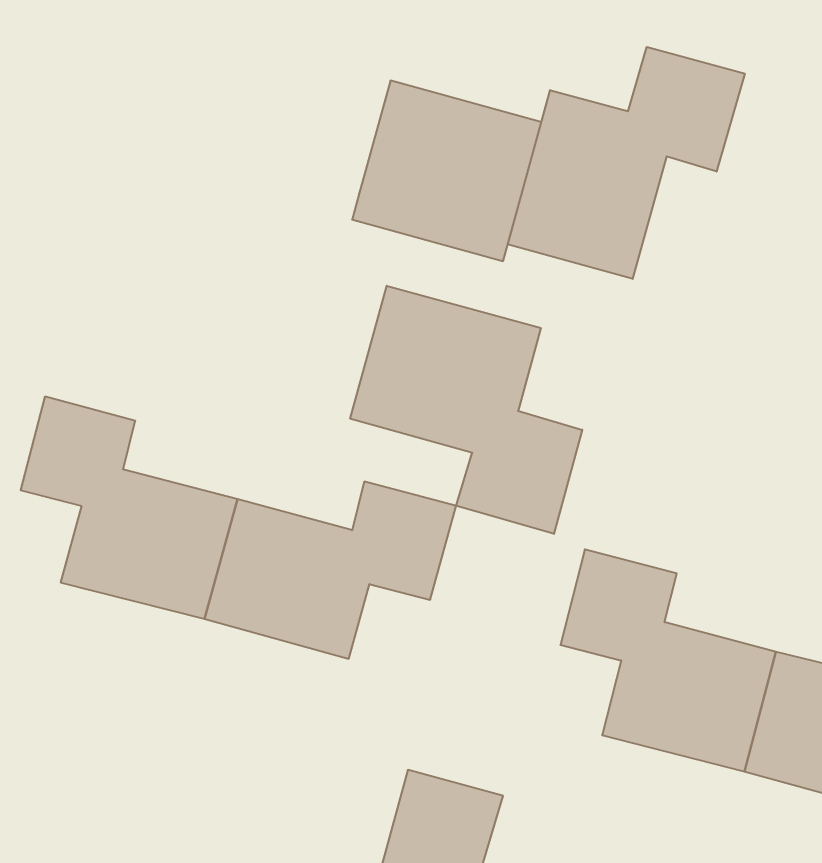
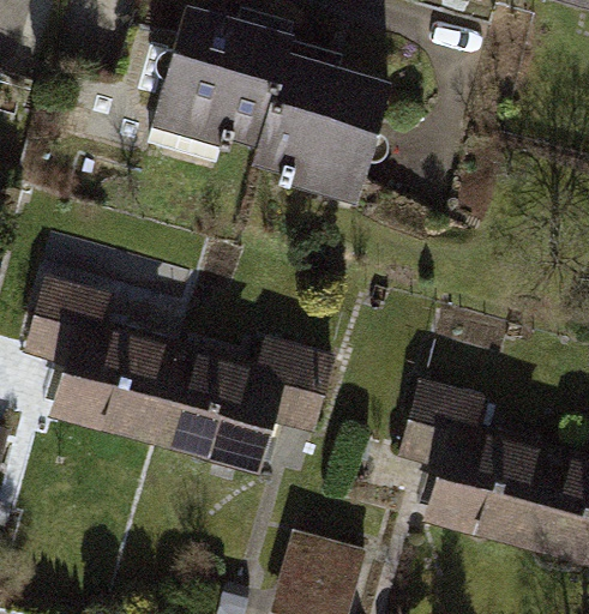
building: none -> [158,16,289,139]
building: [508,47,745,279] -> none
building: [350,286,582,534] -> none

